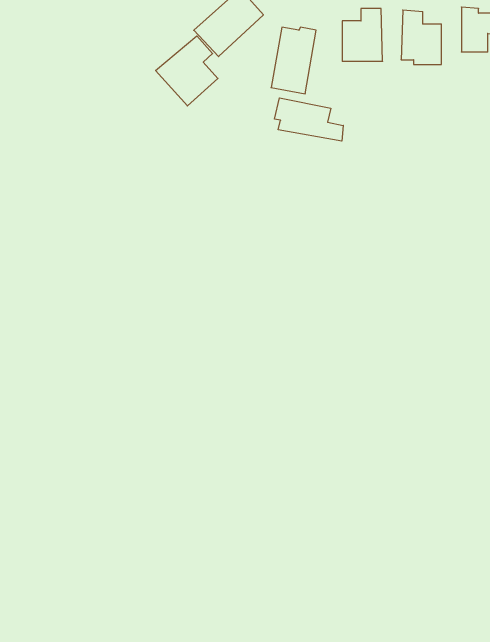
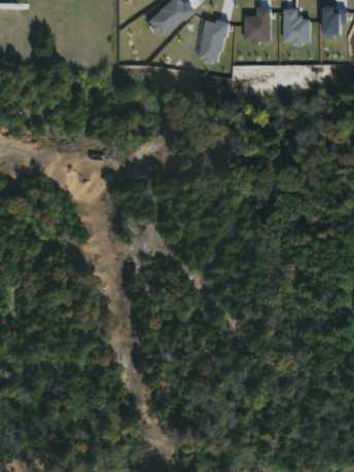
building: [156,36,218,106] -> none
building: [275,98,343,141] -> none

